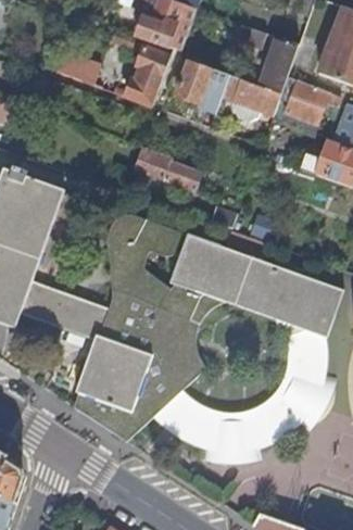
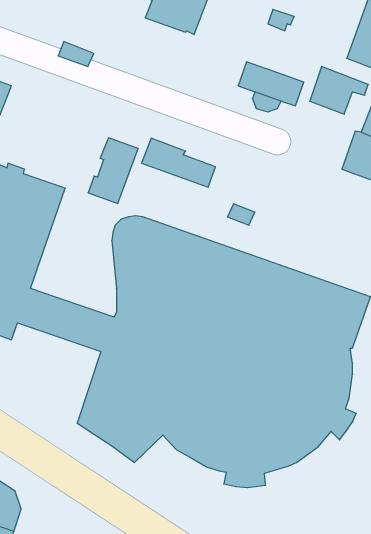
building: [262,40,293,93] -> none
building: [125,47,171,106] -> [88,138,138,203]
building: [174,56,228,115] -> none

